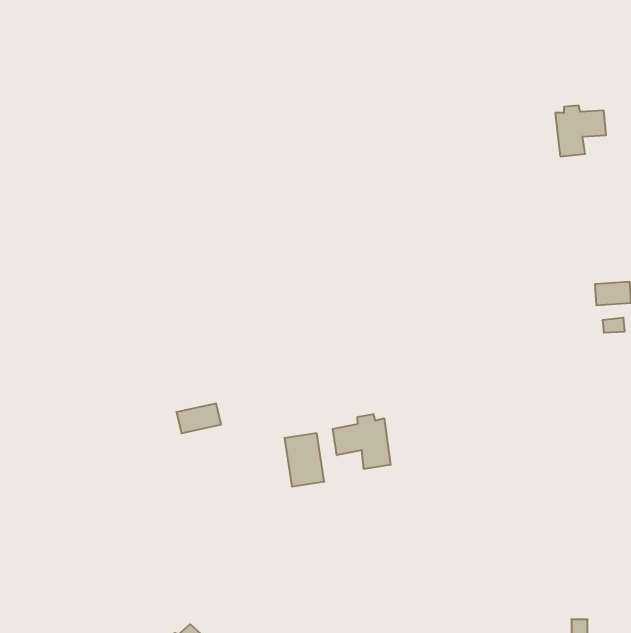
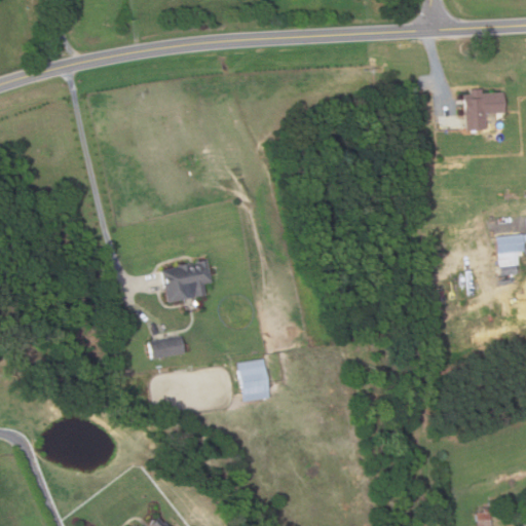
building: none -> [162,259,213,302]
building: [333,414,391,469] -> none

